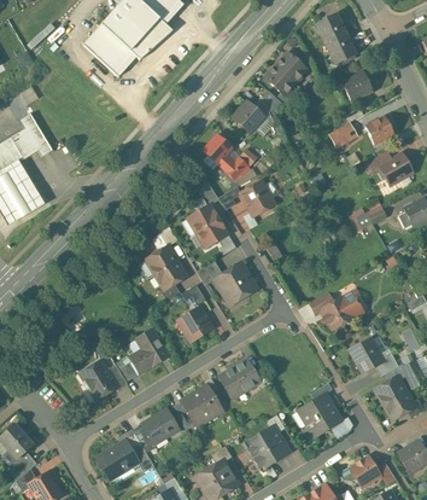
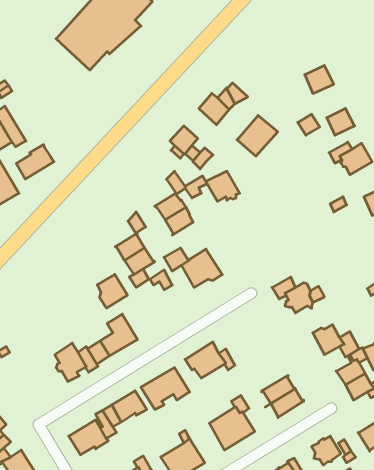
building: [316,13,356,64] -> none
building: [265,52,308,94] -> [237,115,278,156]
building: none -> [16,145,54,179]
building: [181,307,212,342] -> [97,274,127,308]

